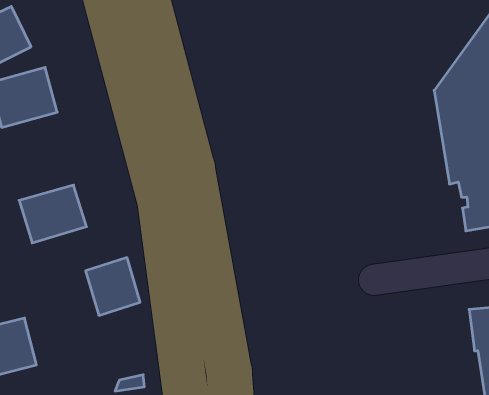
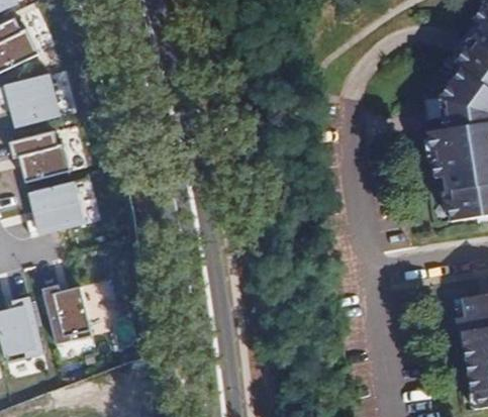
building: none -> [21,129,78,181]
building: [86,258,140,315] -> [50,287,100,340]

